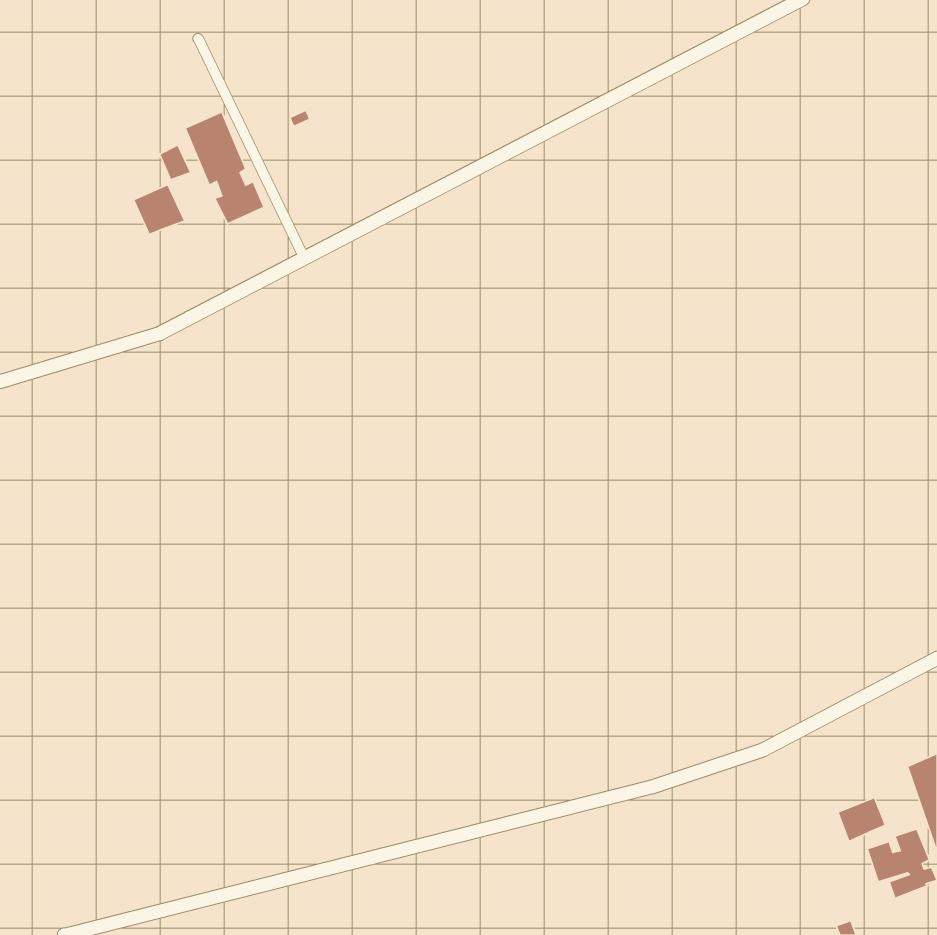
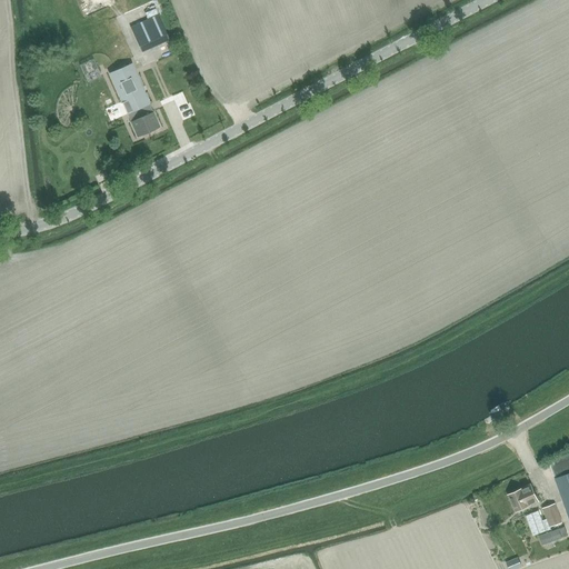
building: none -> [131,14,169,51]
building: [134,184,185,235] -> none

